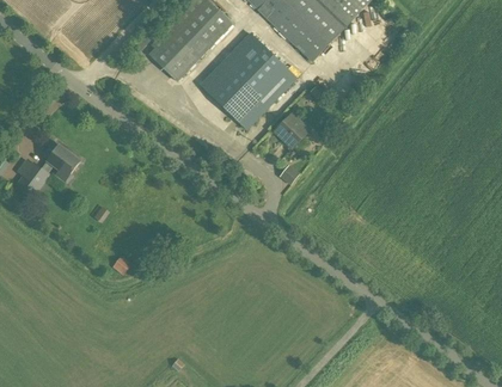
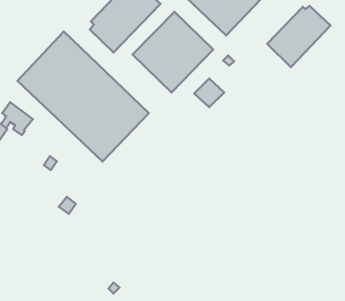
building: none -> [267,6,330,67]
building: none -> [18,32,149,161]

